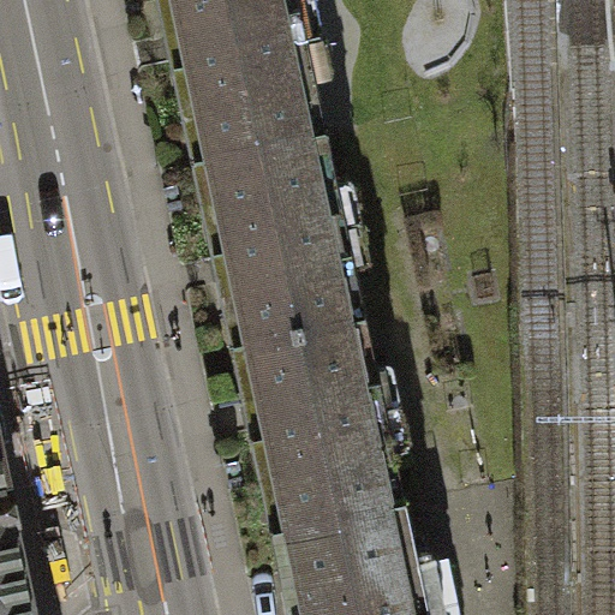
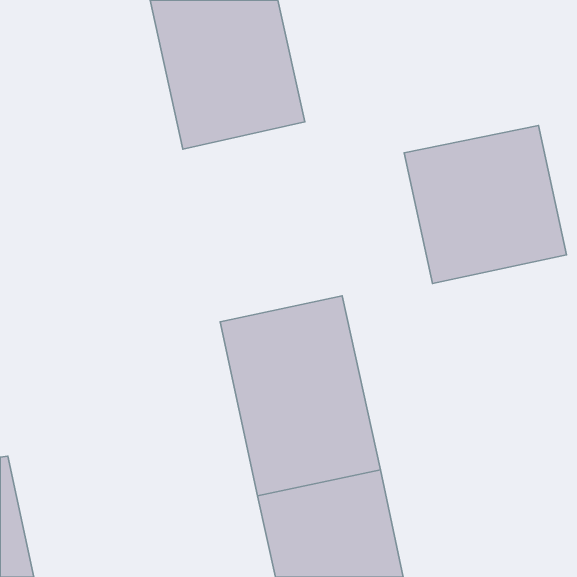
building: [195,130,364,342] -> none
building: none -> [404,125,566,283]

